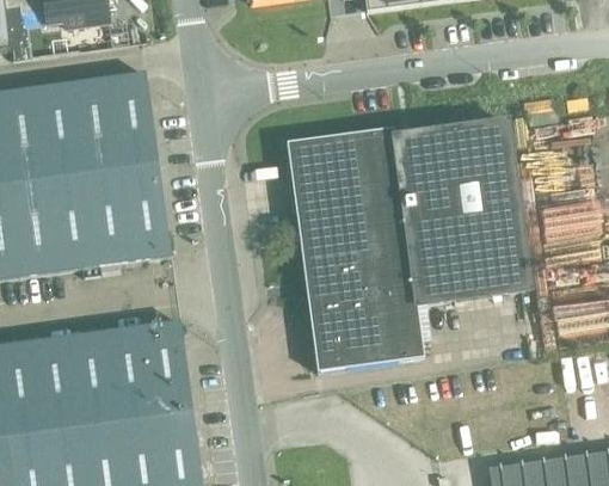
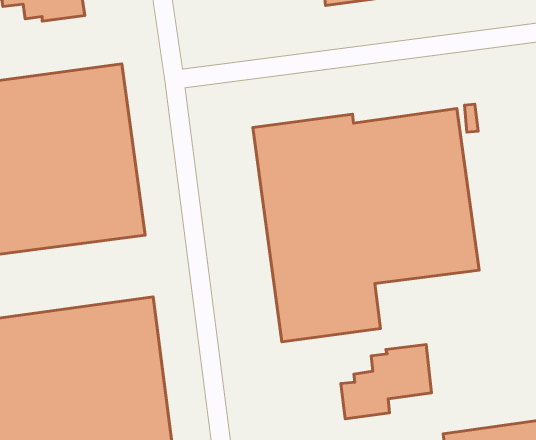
building: none -> [341,344,432,419]

